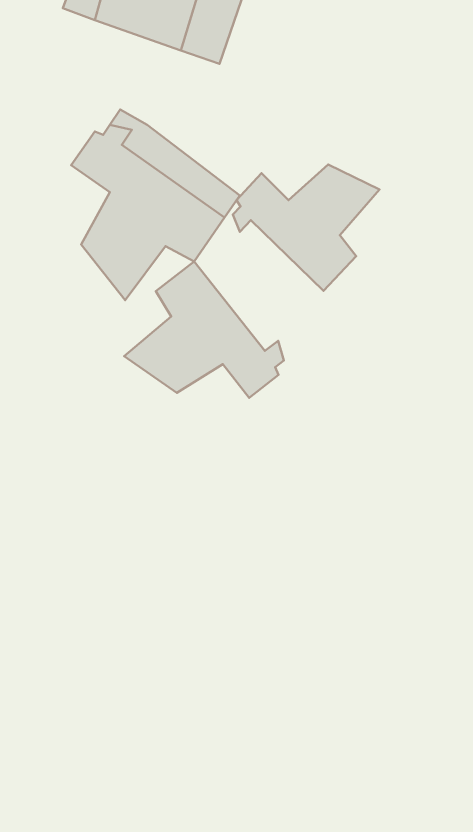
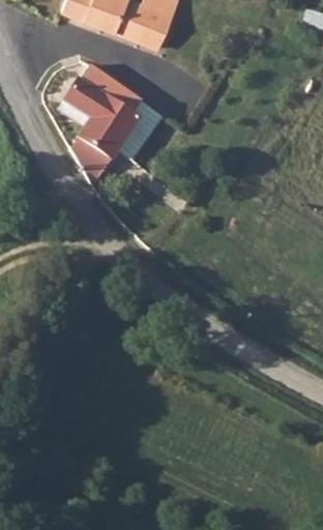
building: [233,165,380,291] -> none
building: [124,261,284,398] -> none

